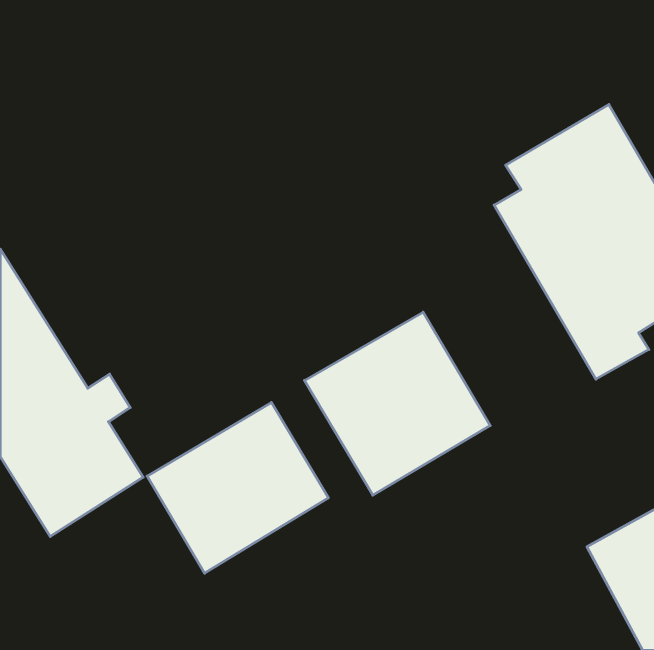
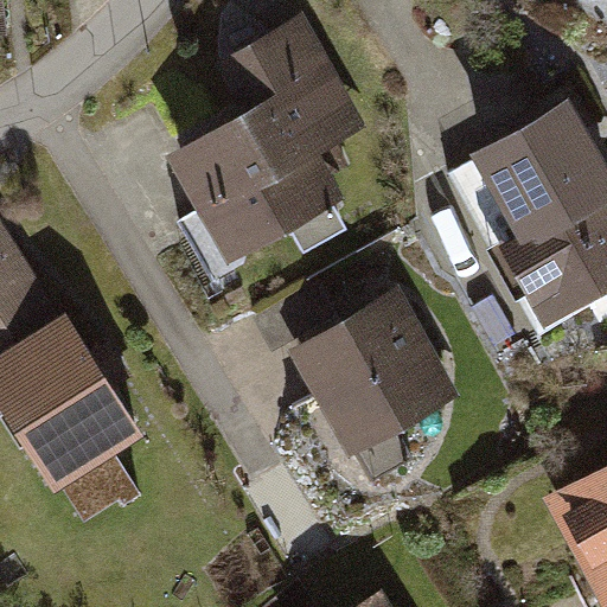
building: none -> [166,15,368,268]
building: [147,402,328,573] -> none

